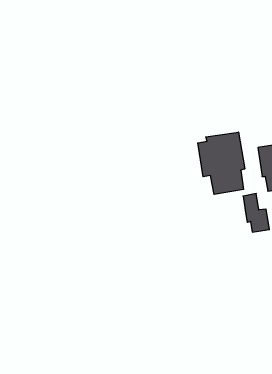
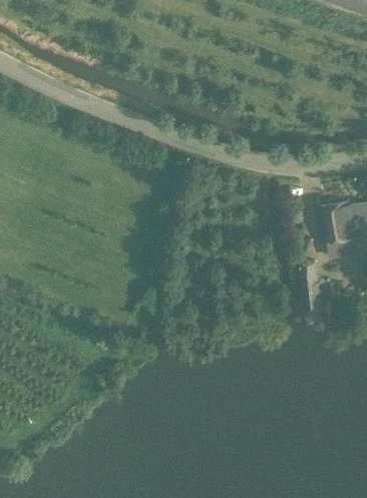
building: [198,132,245,194] -> none

